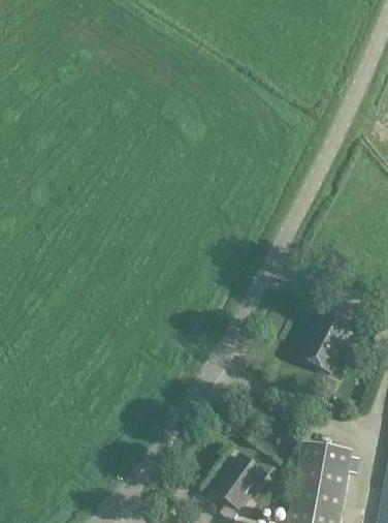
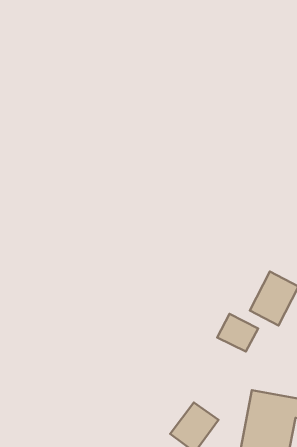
building: none -> [217,314,258,351]

